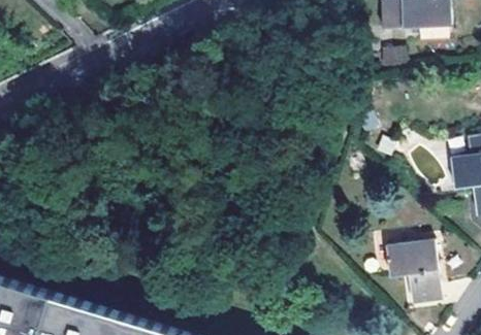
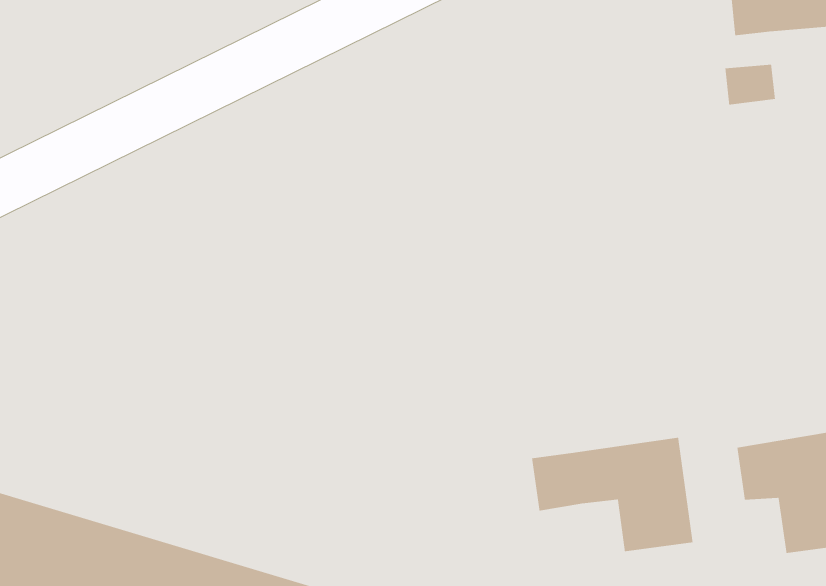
building: none -> [531,437,694,552]

